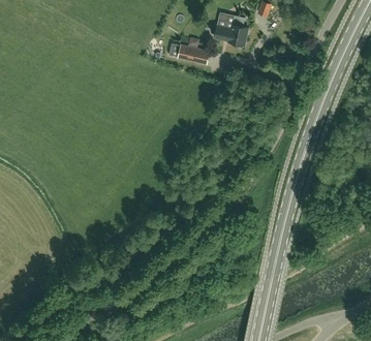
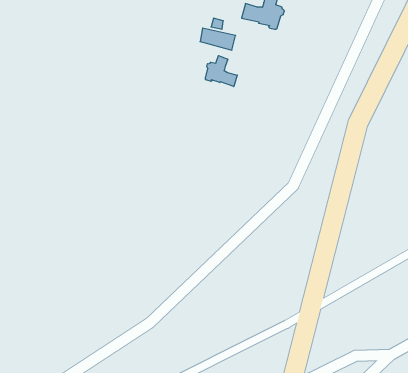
building: none -> [205,56,237,87]

